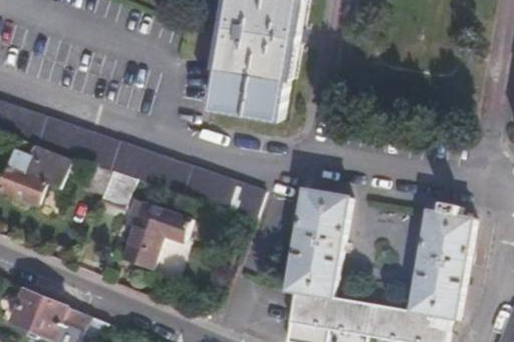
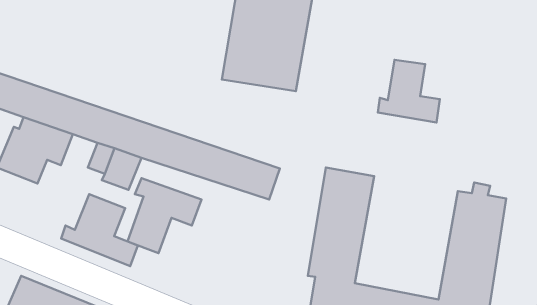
building: none -> [378,60,440,122]
building: none -> [61,194,138,266]

